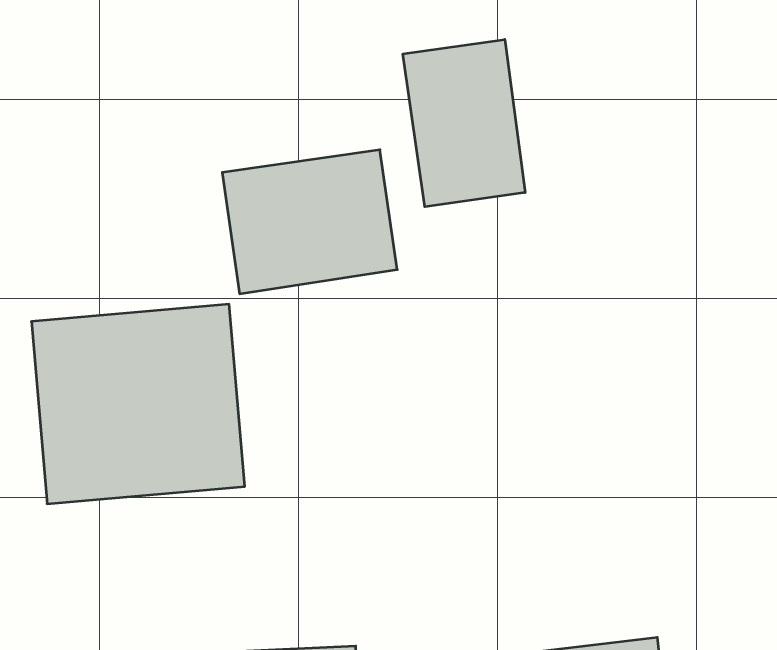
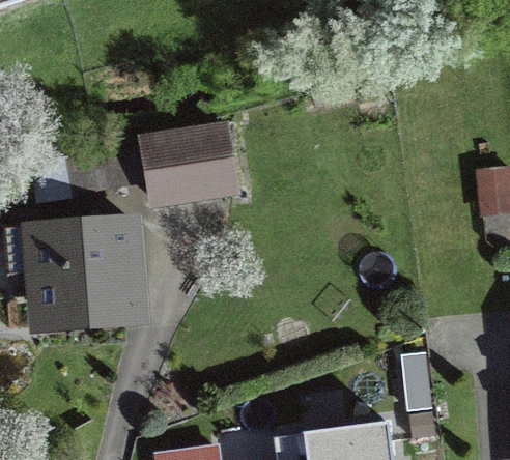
building: [403,39,525,207] -> none

